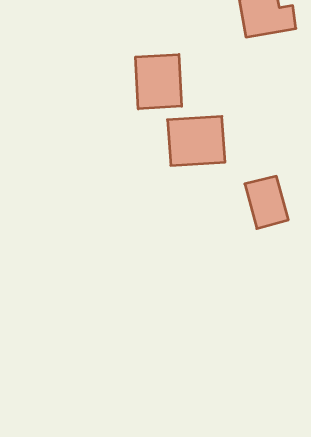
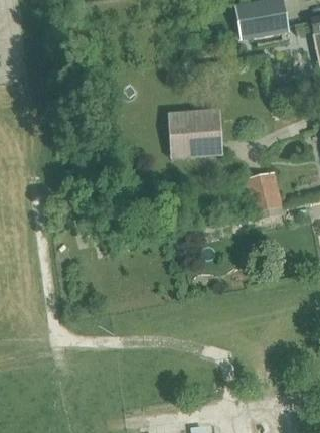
building: [136,54,182,109] -> none

